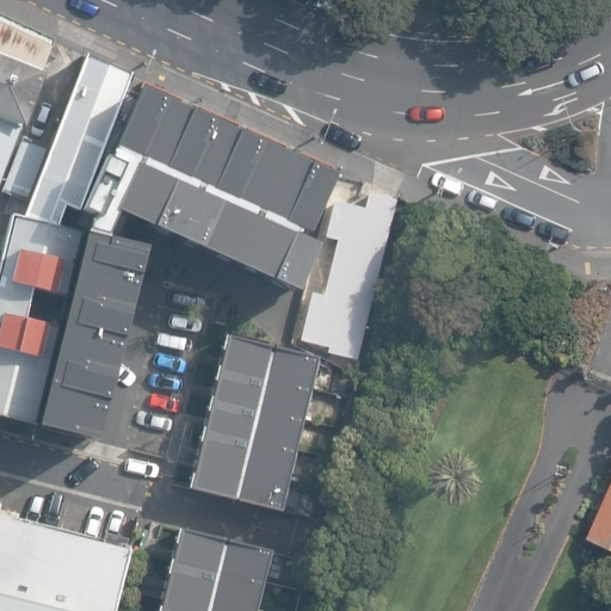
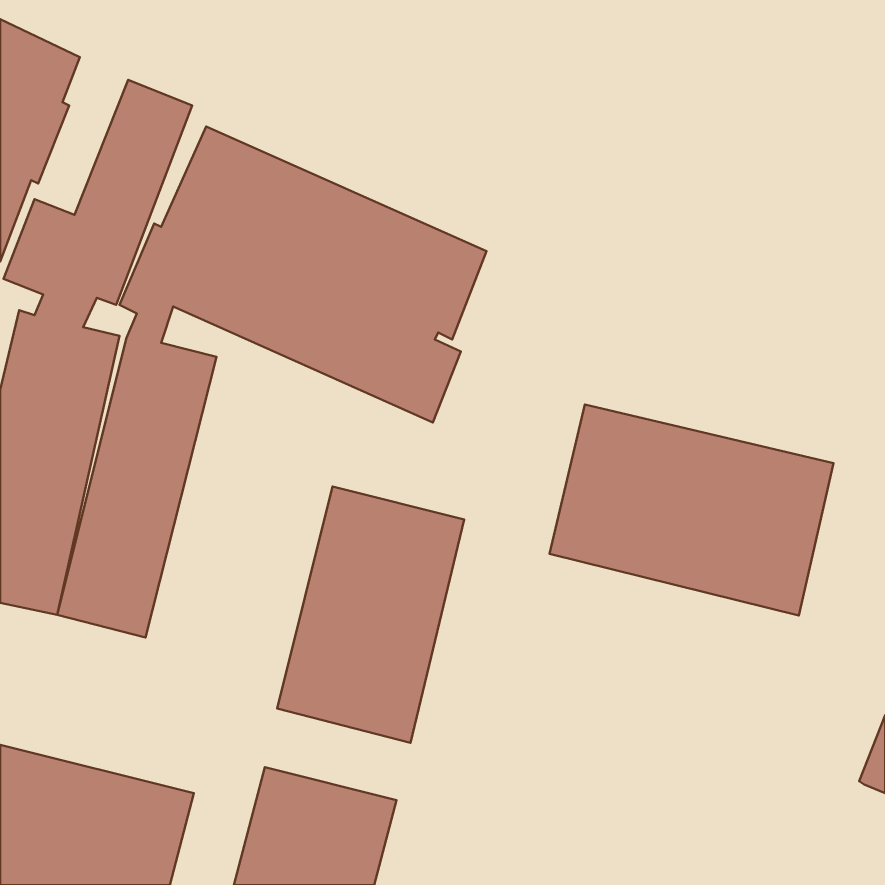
building: [301,193,397,362] -> none
building: none -> [549,404,833,615]

